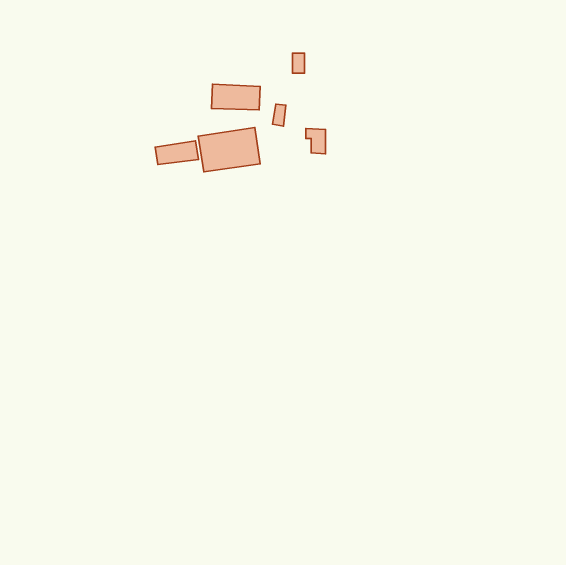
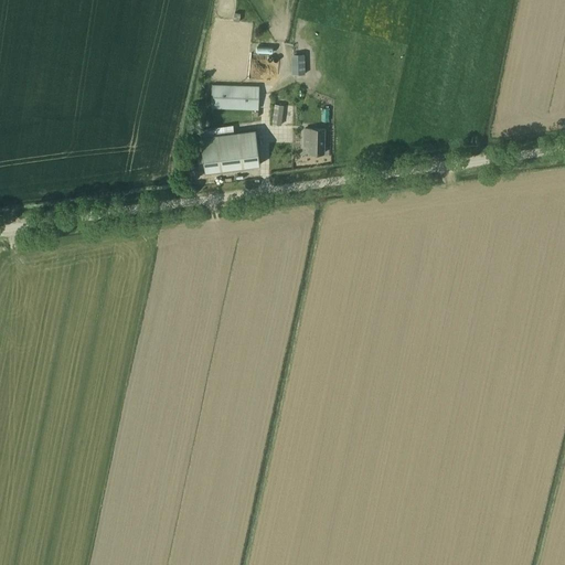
building: [155,141,198,165] -> none

